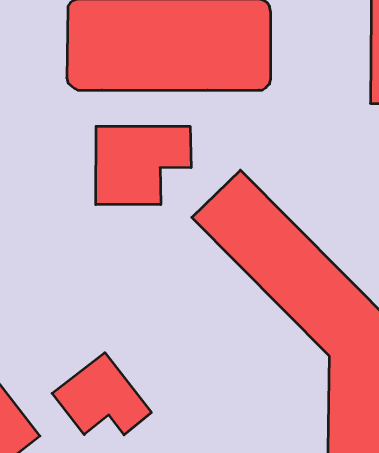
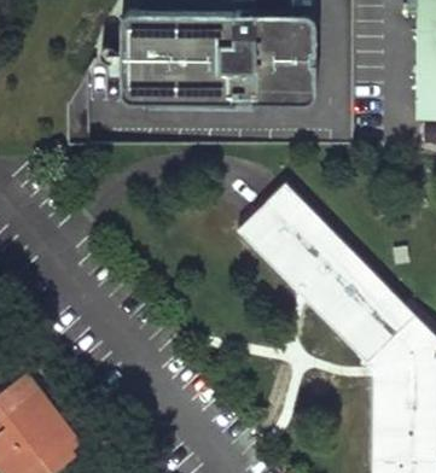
building: [96,126,191,205] -> none
building: [52,353,151,435] -> none

